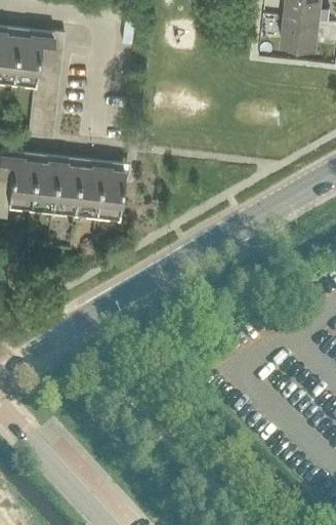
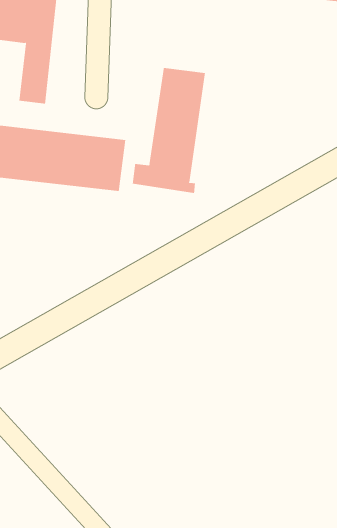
building: none -> [132,67,206,194]

